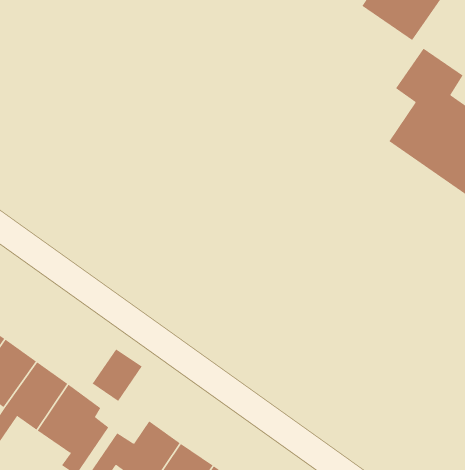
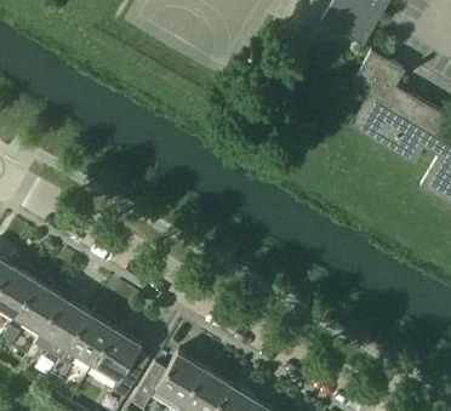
building: [92,348,143,402] -> none

